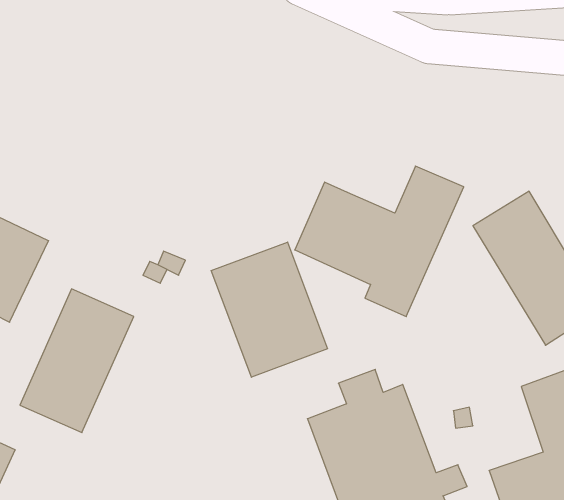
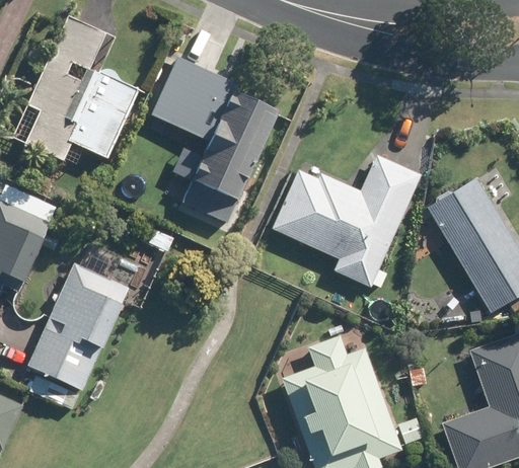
building: none -> [21,14,133,160]
building: none -> [153,55,281,226]
building: [211,242,328,377] -> none

